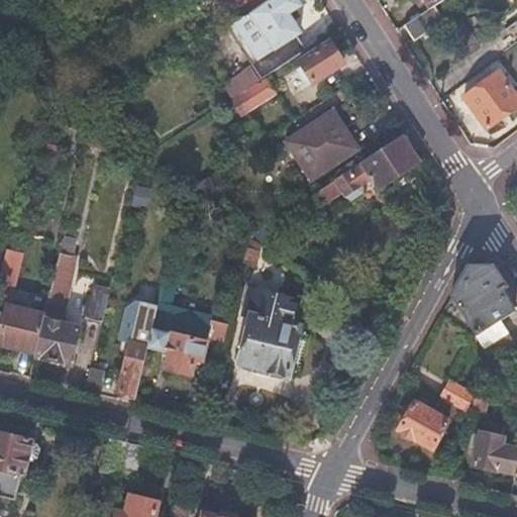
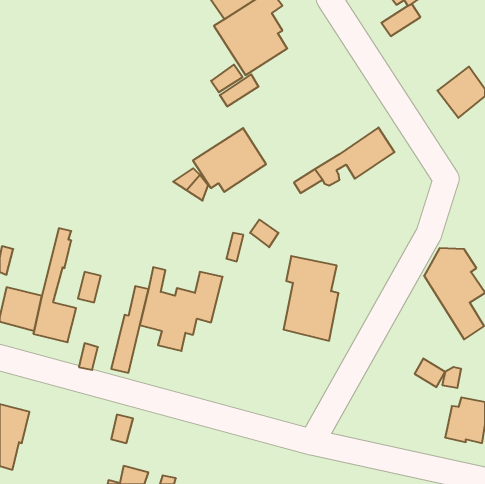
building: [300,43,343,84] -> none
building: [278,112,355,180] -> [193,128,266,192]
building: [240,284,299,374] -> [283,256,339,341]
building: [398,400,447,448] -> none

